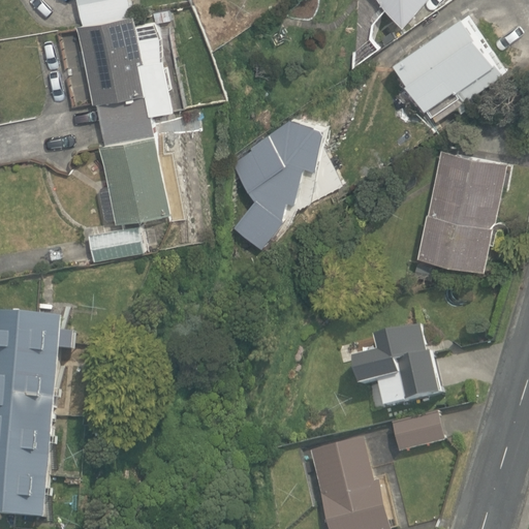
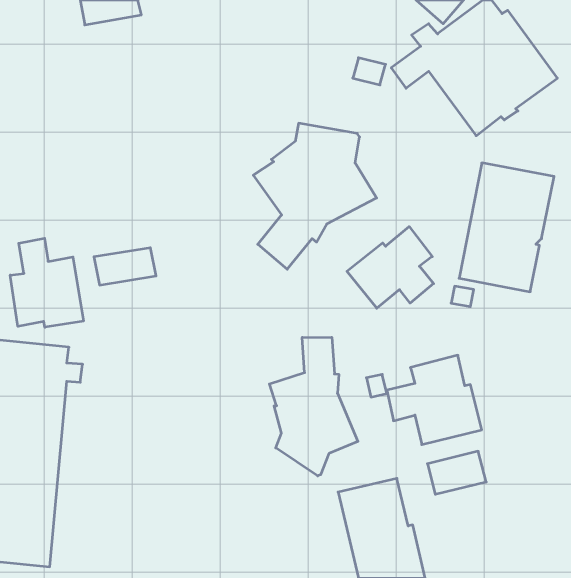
building: [74,15,170,222] -> none
building: none -> [347,227,434,308]
building: none -> [10,238,83,327]
building: none -> [269,337,358,476]

